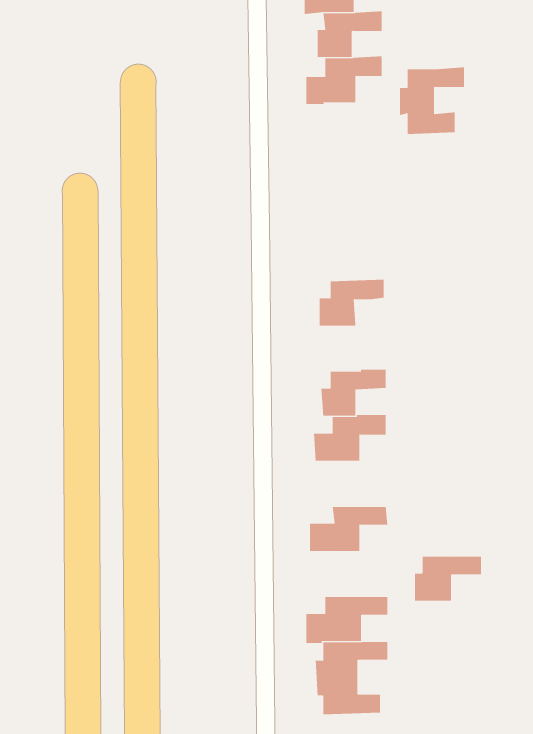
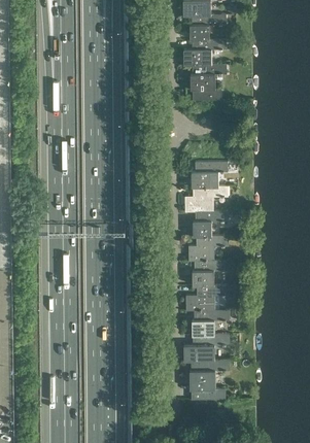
building: [399,67,465,134] -> [188,64,225,101]
building: none -> [183,186,227,212]
building: none -> [191,261,227,286]
building: [414,556,482,601] -> [191,311,228,336]

